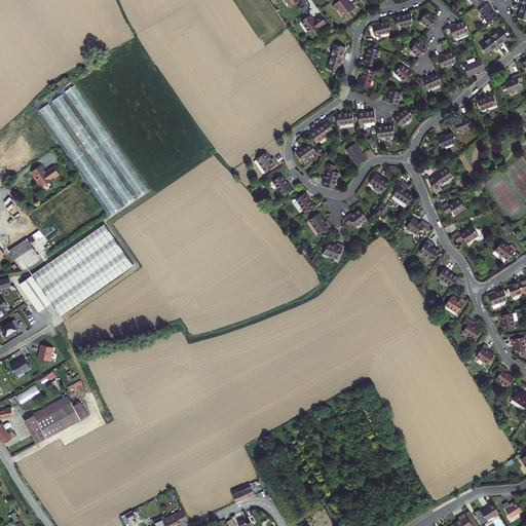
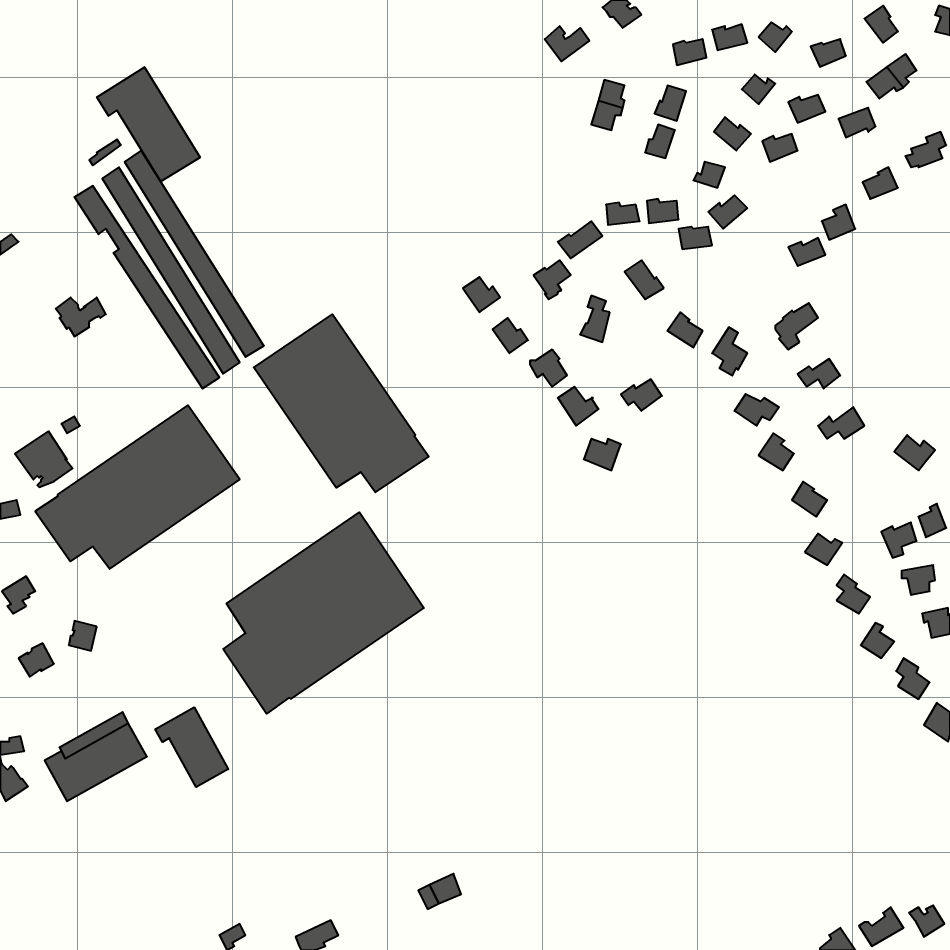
building: none -> [97,67,200,182]
building: none -> [254,314,429,492]
building: none -> [223,512,424,714]
building: none -> [155,707,228,787]

